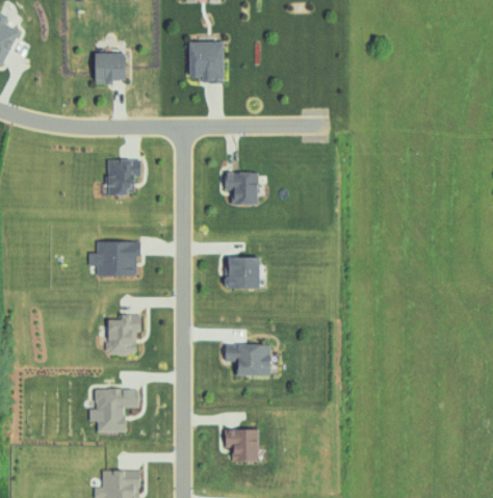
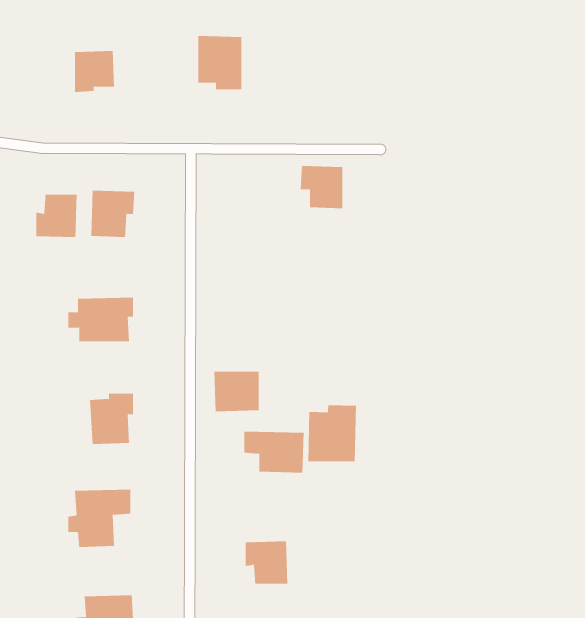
building: none -> [36,194,77,238]
building: [225,172,258,205] -> [300,165,343,209]
building: [225,257,260,288] -> [214,371,260,412]
building: none -> [308,404,357,462]

